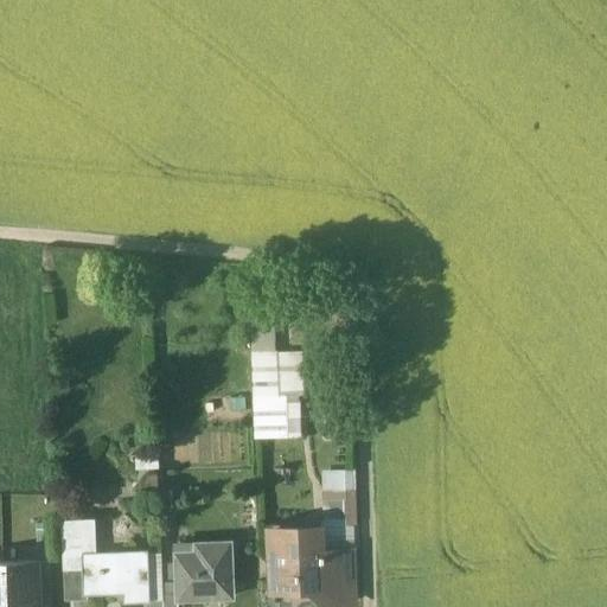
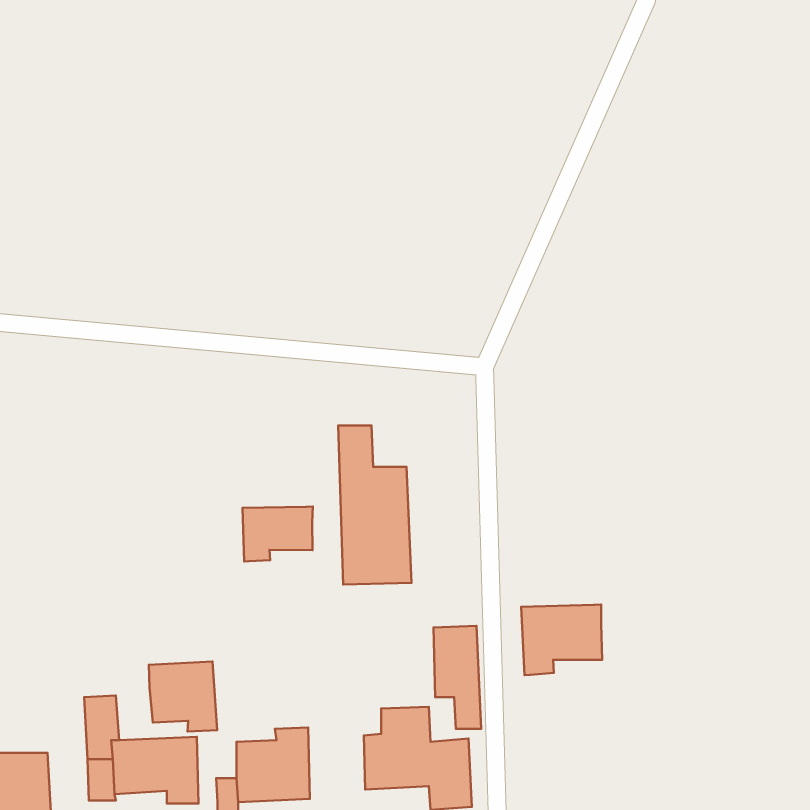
building: none -> [242,507,313,562]
building: none -> [521,604,602,675]
building: none -> [149,661,217,731]

